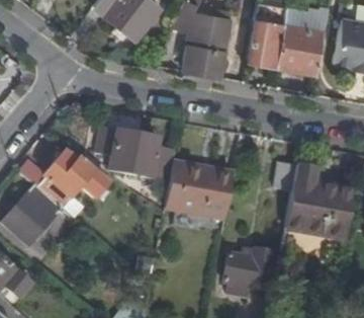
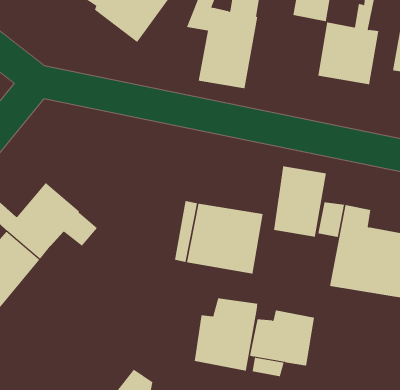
building: [249,19,282,66] -> none
building: [97,128,173,180] -> none
building: none -> [273,166,326,238]
building: none -> [194,298,258,372]

